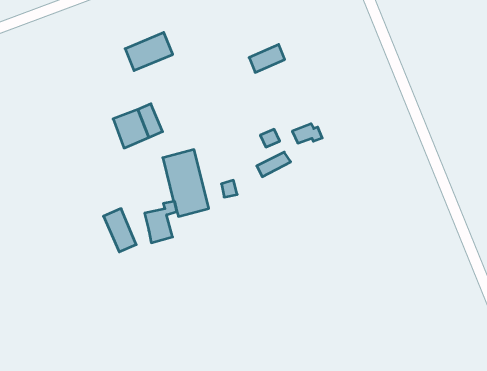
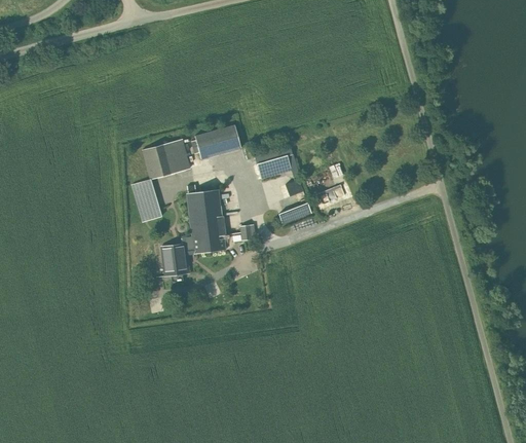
building: [125,32,173,71] -> [195,124,241,158]
building: [249,44,285,72] -> [257,154,292,179]
building: [103,209,136,252] -> [133,179,161,221]

